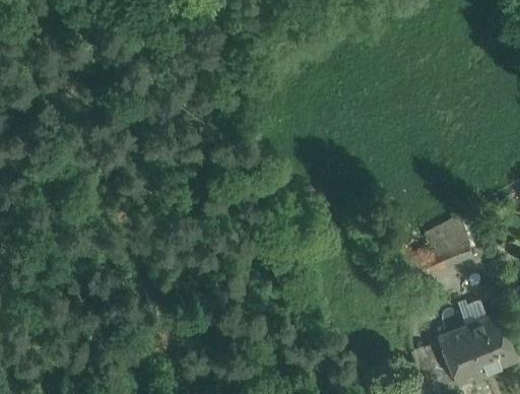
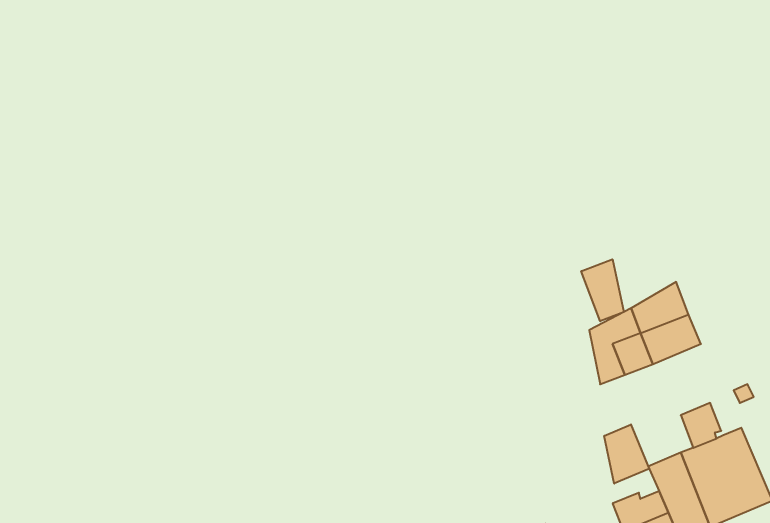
building: none -> [581,259,624,321]
building: none -> [604,424,649,484]

